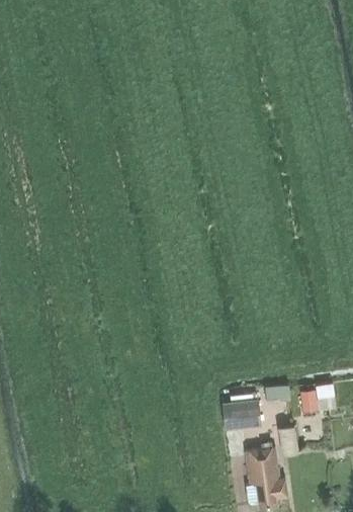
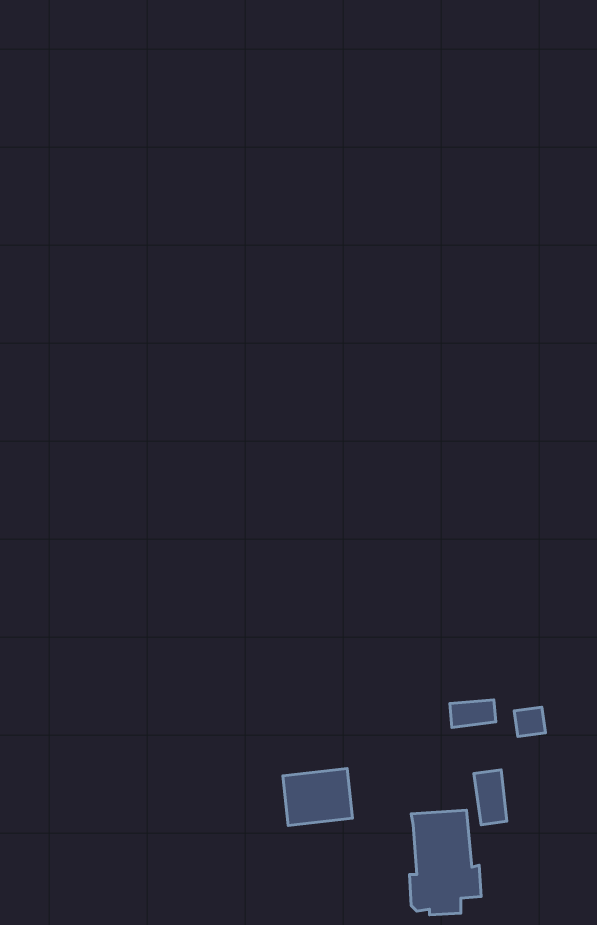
building: [223,399,261,430] -> [283,769,353,826]

